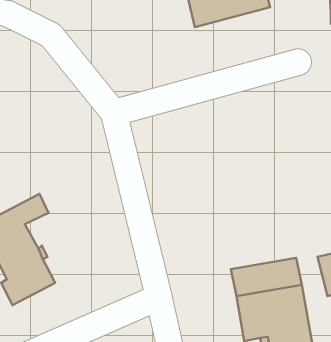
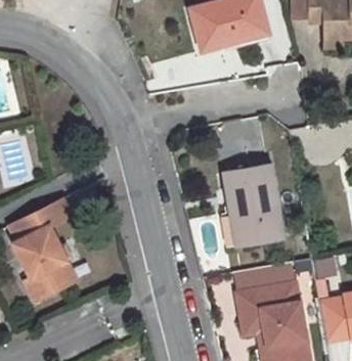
building: none -> [223,164,280,242]

